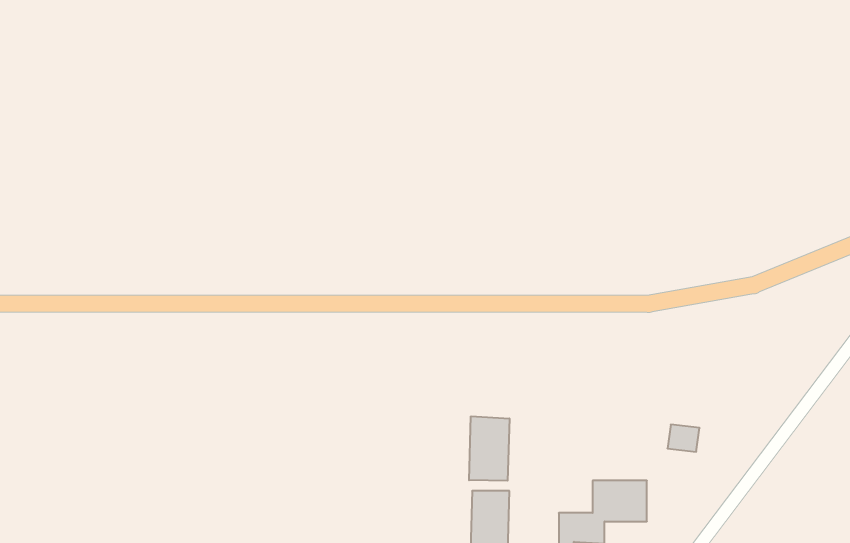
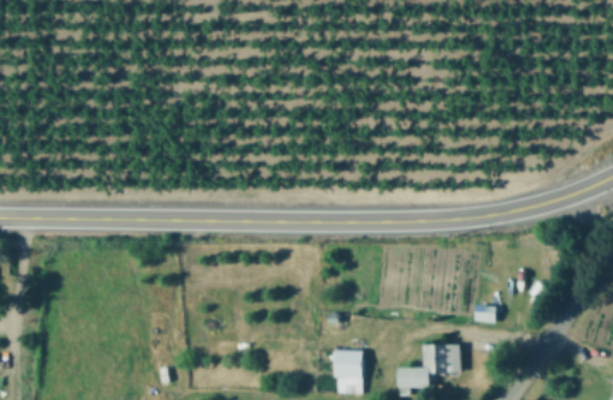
building: [469,416,509,481] -> none

